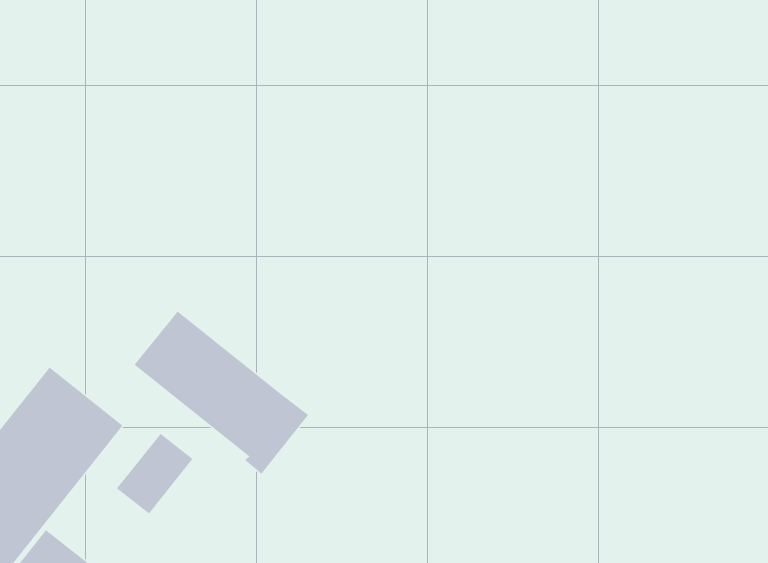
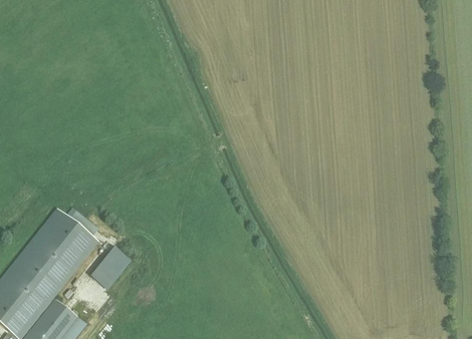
building: [133,311,309,475] -> none

